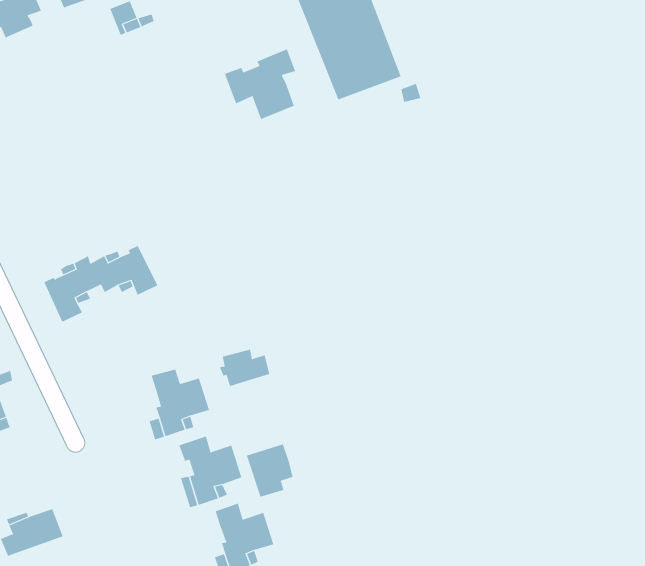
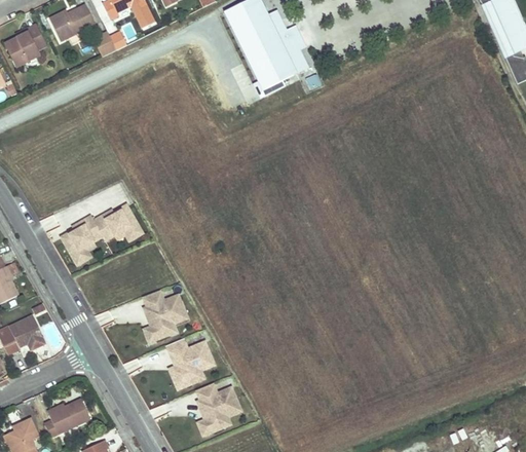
building: [224,49,296,120] -> none
building: [219,349,270,387] -> none
building: [246,444,293,498] -> none

